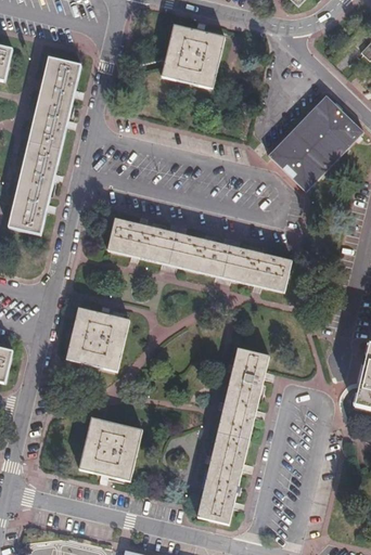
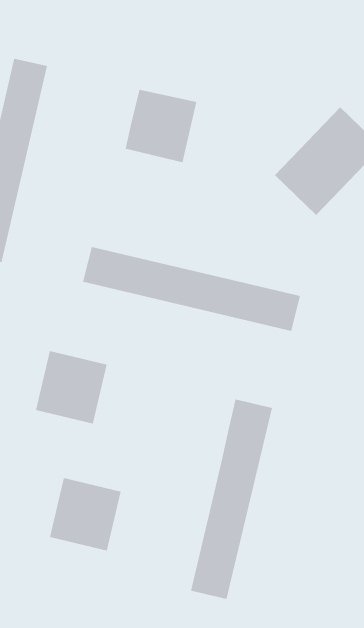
building: [161,26,222,89] -> [125,89,197,163]

